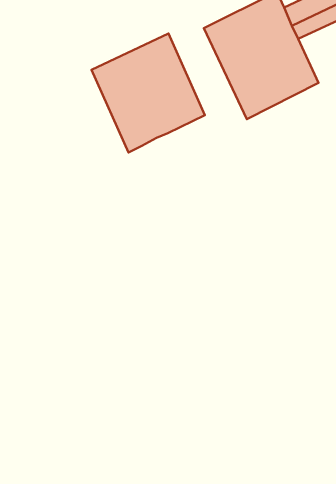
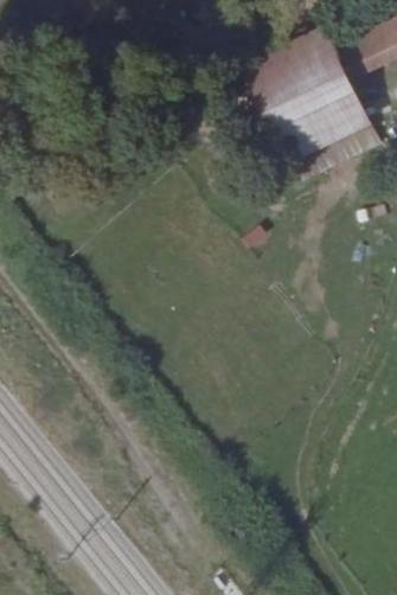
building: [91,34,205,152] -> none

